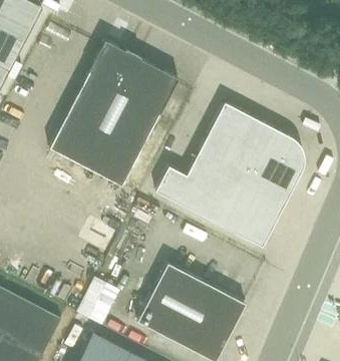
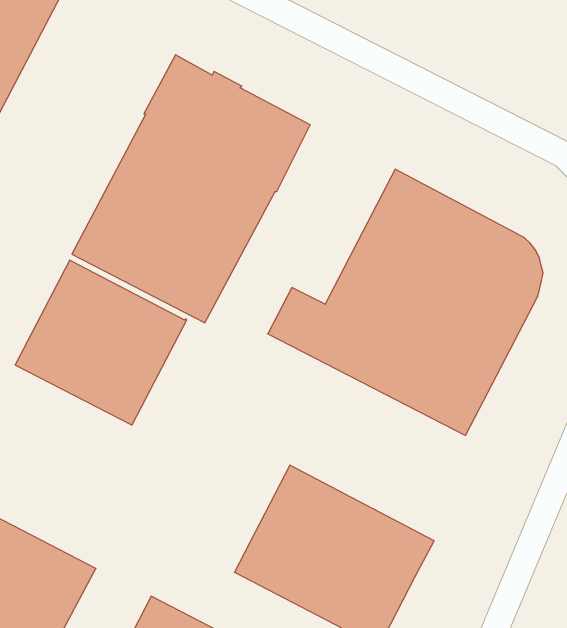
building: none -> [15,260,187,425]

